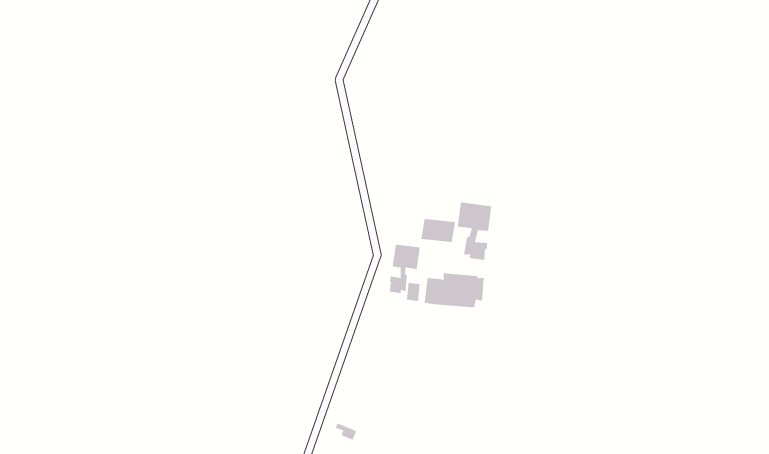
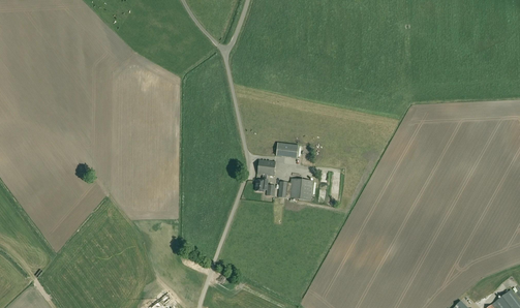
building: [457,201,492,261] -> none

